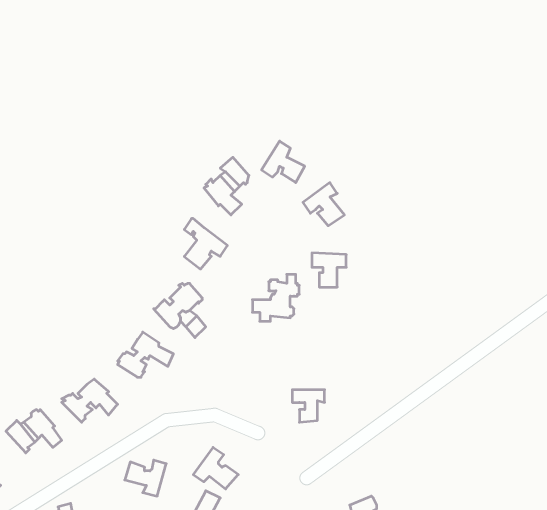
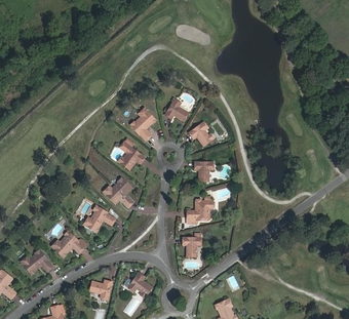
building: [252,274,299,321] -> [188,197,215,224]

